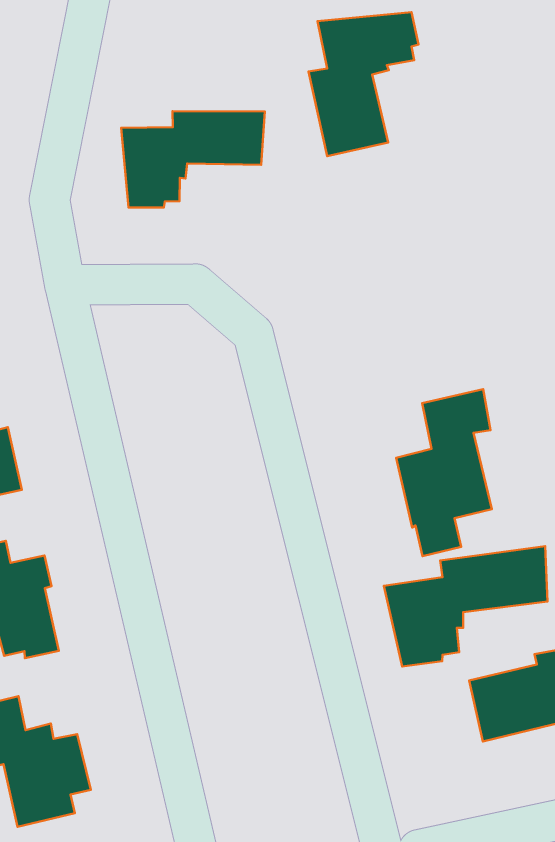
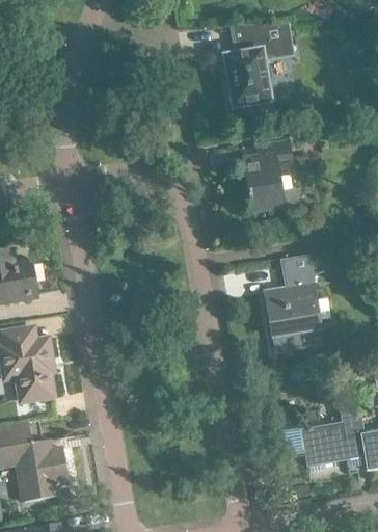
building: [121,111,265,208] -> none
building: none -> [241,138,302,214]
building: [384,546,548,667] -> none

